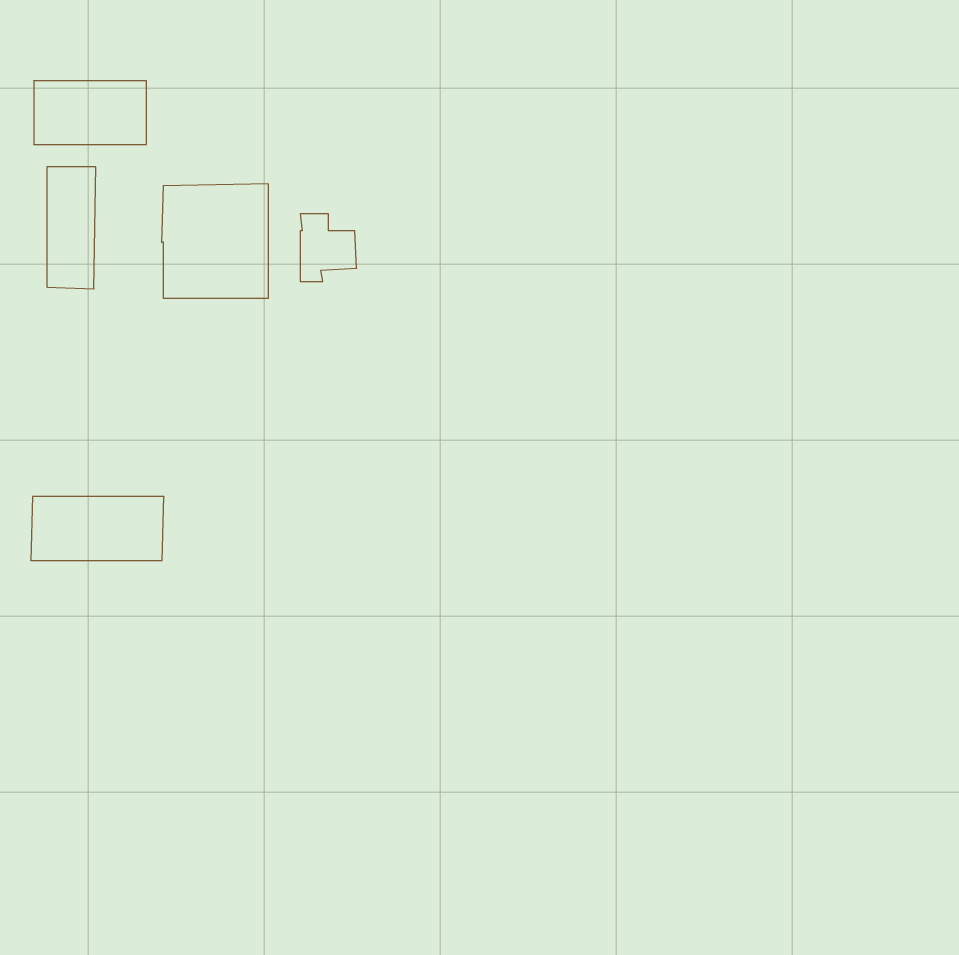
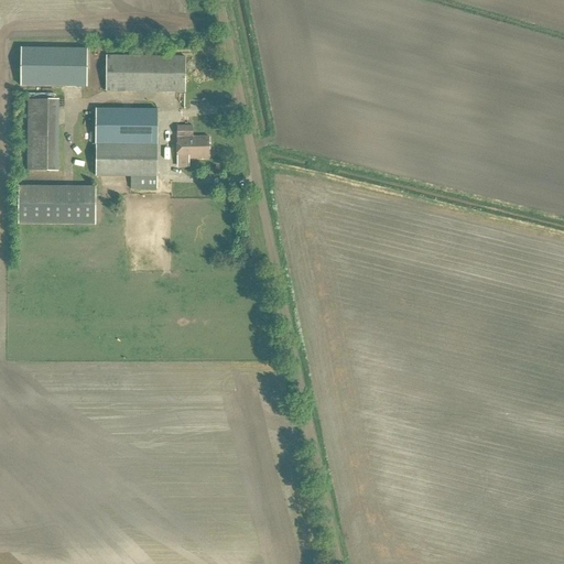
building: none -> [106,55,186,91]
building: [31,497,164,560] -> [18,185,96,223]

